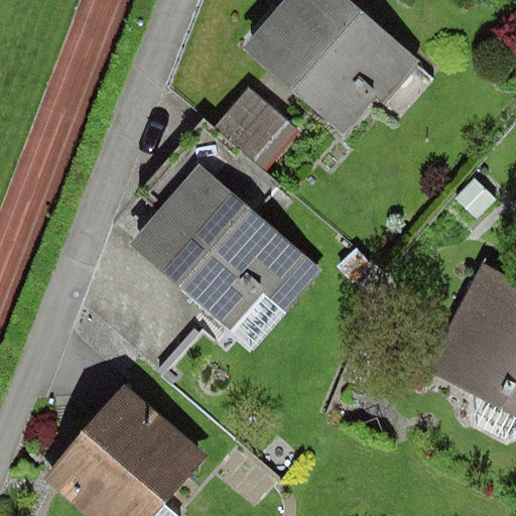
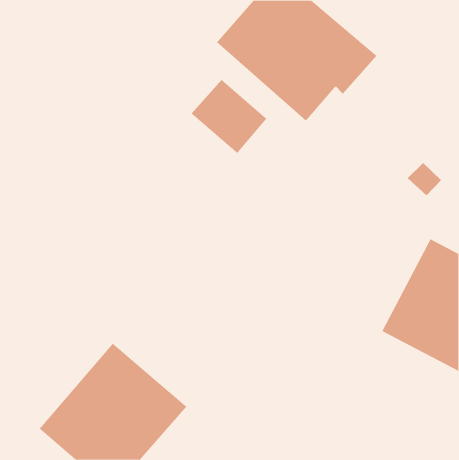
building: [126,162,324,351] -> none

